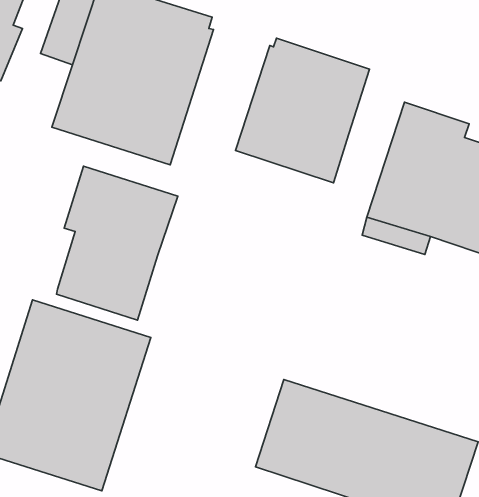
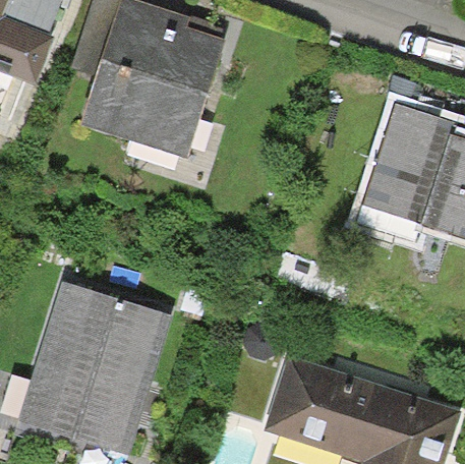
building: [235,38,369,183] -> none
building: [57,166,178,320] -> none

